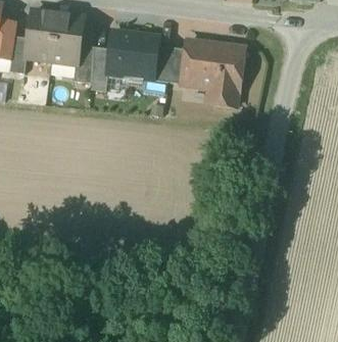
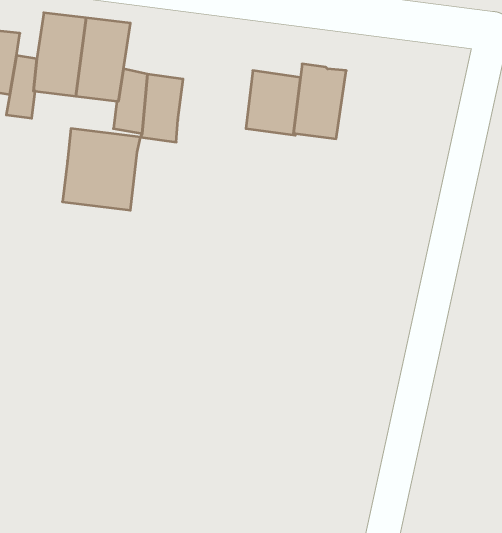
building: [112,31,159,80] -> [62,129,141,210]
building: [207,43,244,106] -> none

